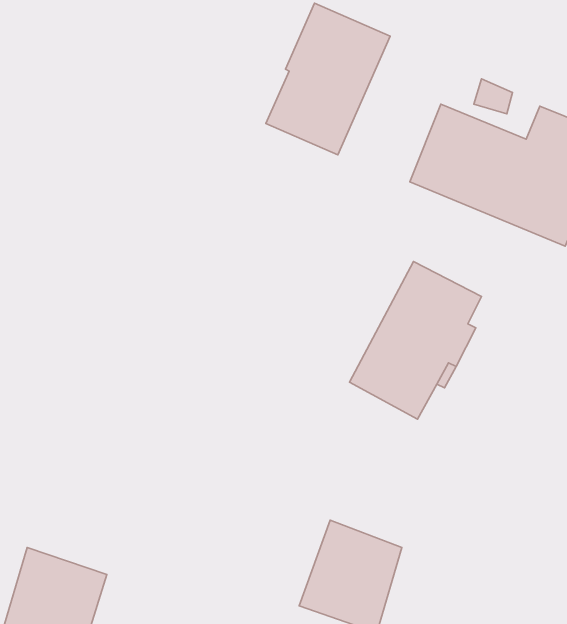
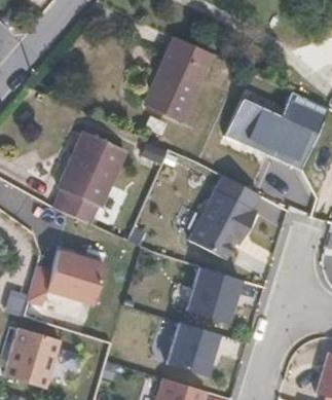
building: none -> [54,134,125,222]
building: none -> [26,244,105,303]
building: none -> [186,267,242,323]

